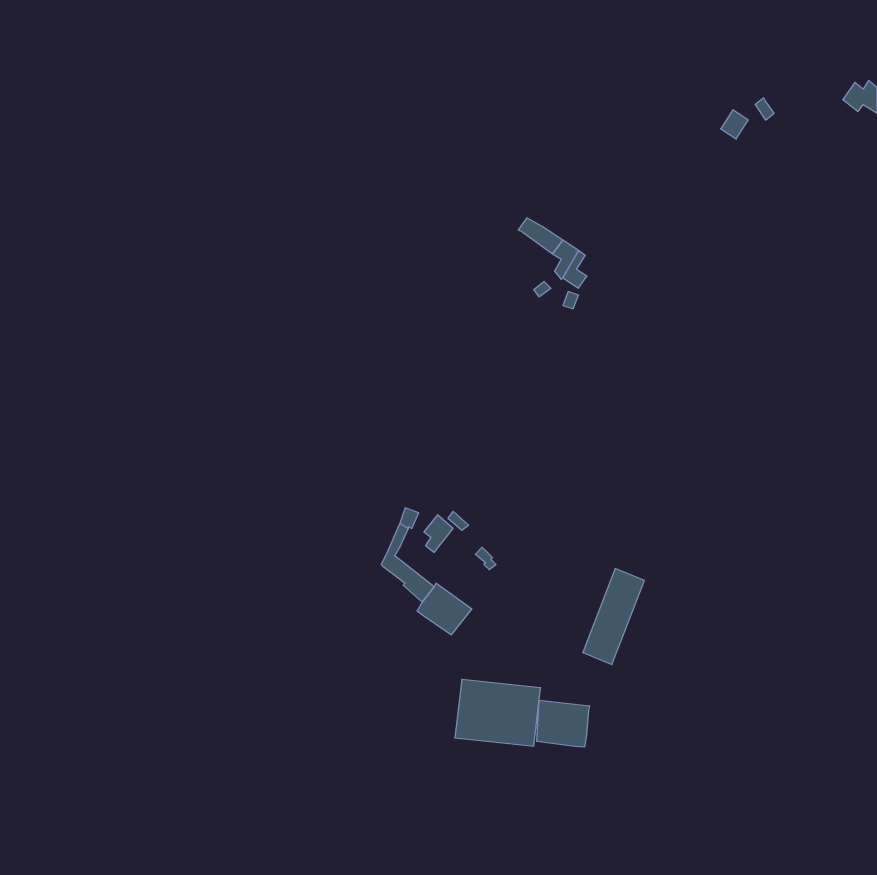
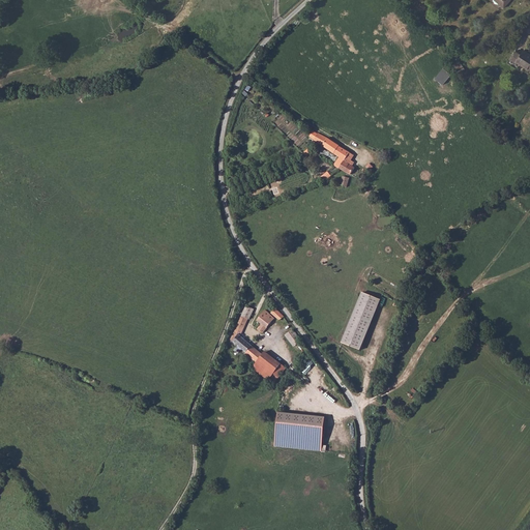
building: [583,569,644,665] -> [342,290,379,348]
building: [537,700,590,747] -> none

